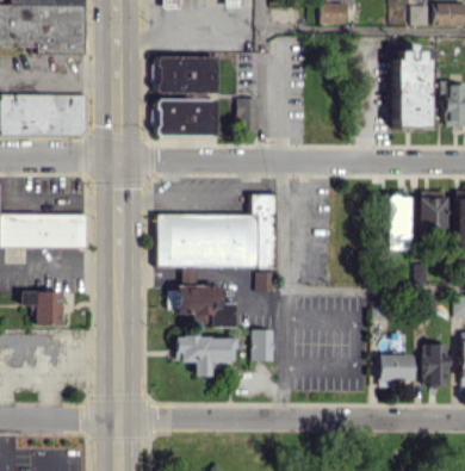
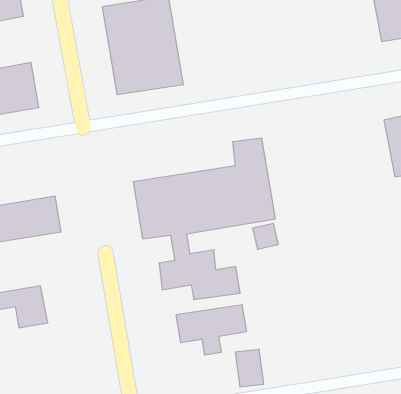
building: [236,98,259,131] -> none
building: [252,329,274,361] -> [235,349,264,387]

